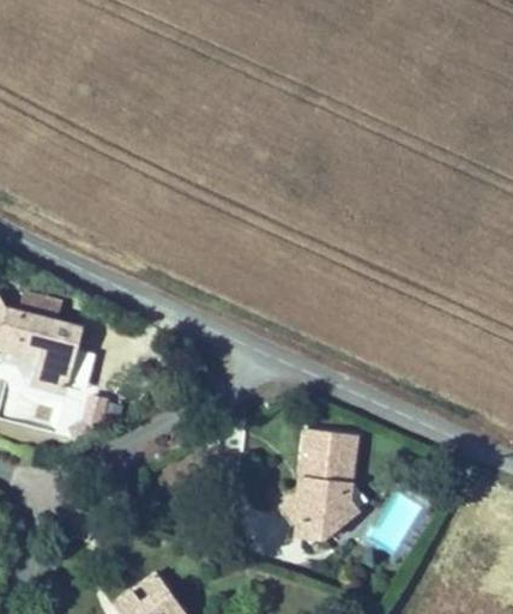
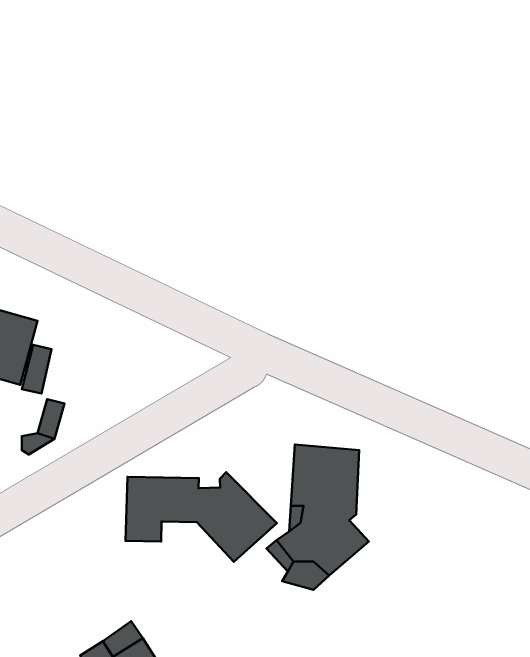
building: none -> [126,472,277,562]

